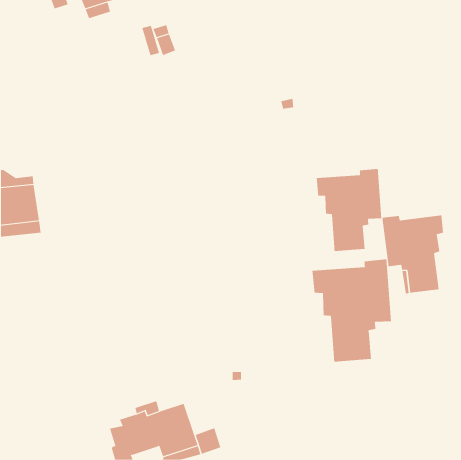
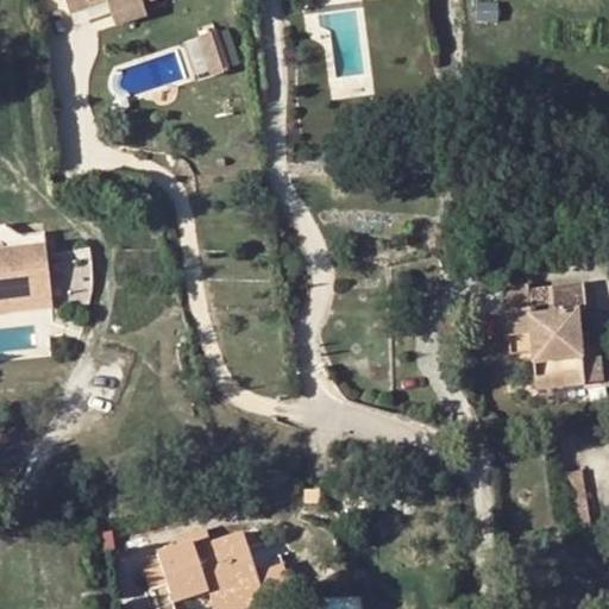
building: [316,168,382,252] -> none
building: [312,259,391,363] -> none

